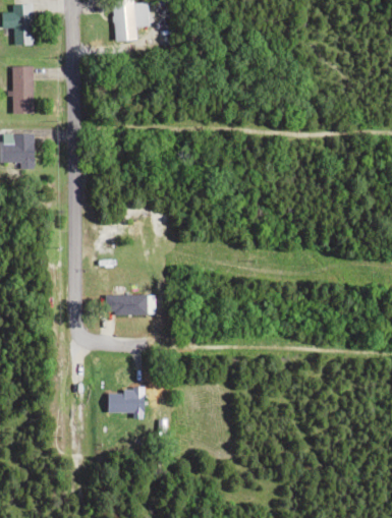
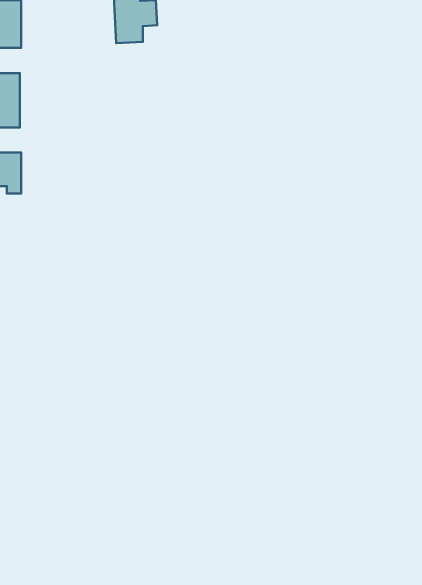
building: [107,295,149,314] -> none
building: [109,393,146,412] -> none

